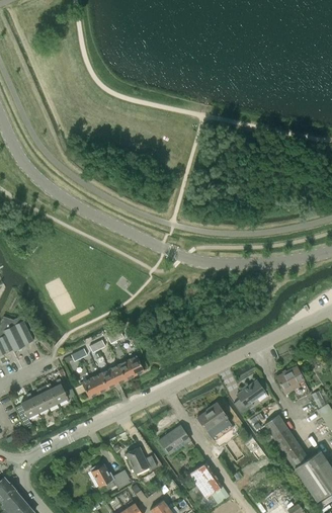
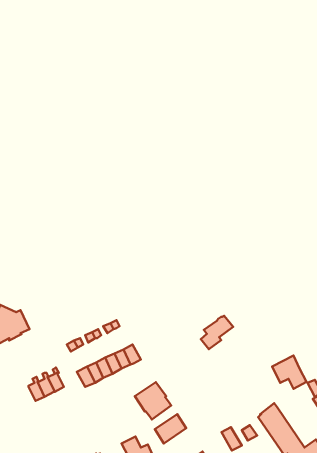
building: [234,380,266,414] -> [201,316,233,349]
building: [16,393,39,427] -> none
building: [196,403,233,440] -> [135,382,171,420]

